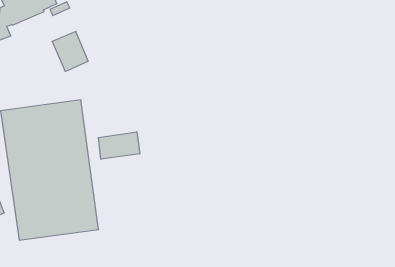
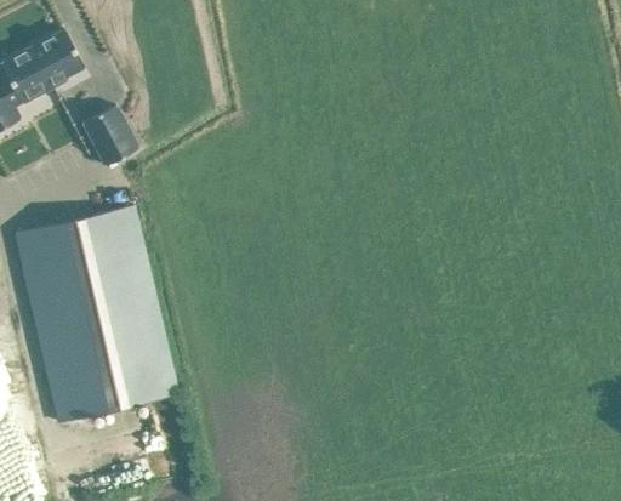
building: [98,132,140,159] -> none

